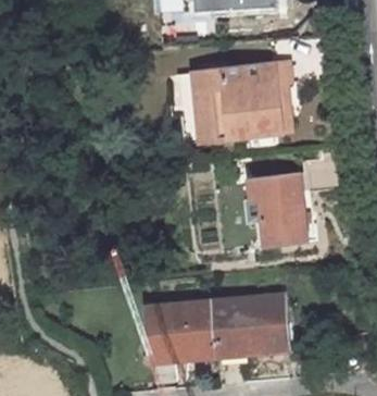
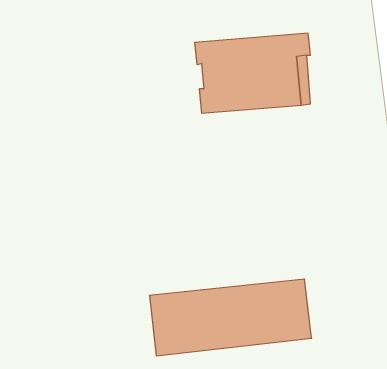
building: [253,175,311,245] -> none

